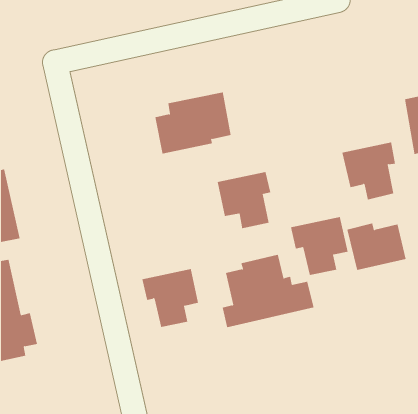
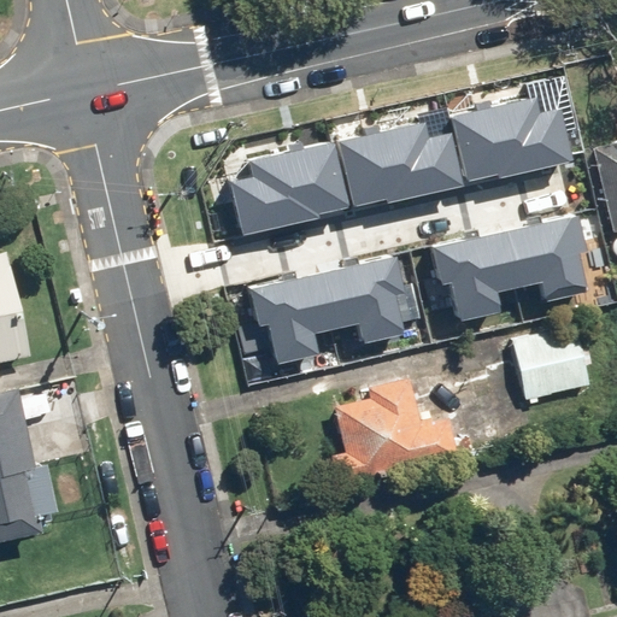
building: none -> [446,93,566,176]
building: none -> [337,122,456,202]
building: [290,216,349,275] -> [430,231,516,318]
building: [141,268,199,327] -> [247,275,331,362]

